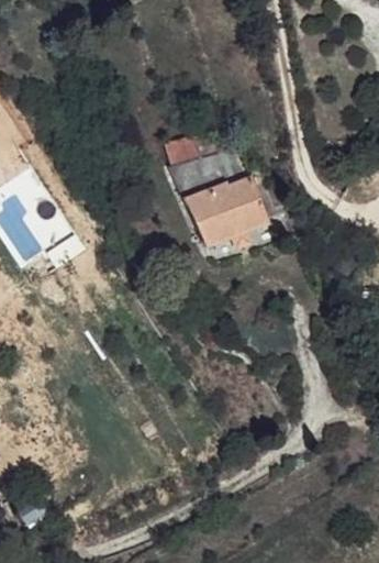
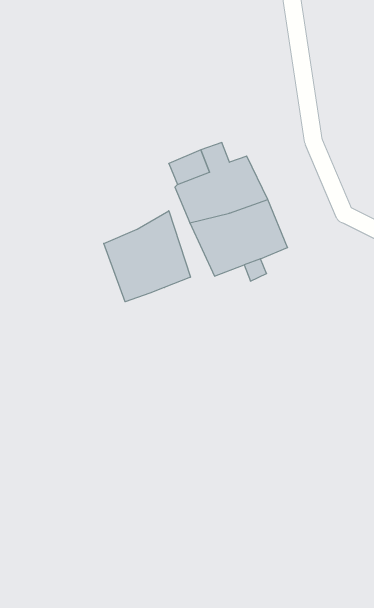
building: none -> [104,211,190,302]

